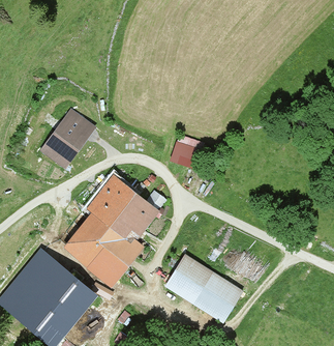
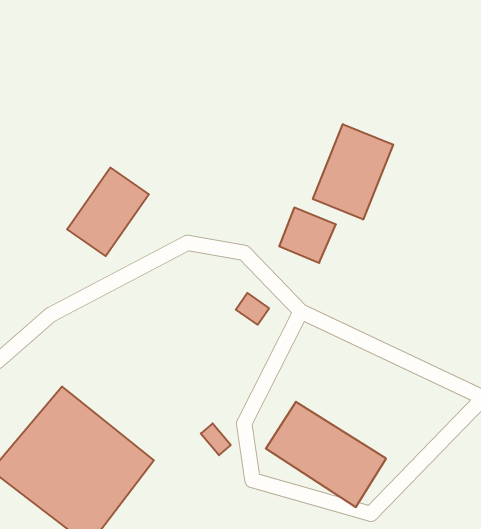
building: none -> [313,124,393,220]
building: [65,178,156,285] -> none

